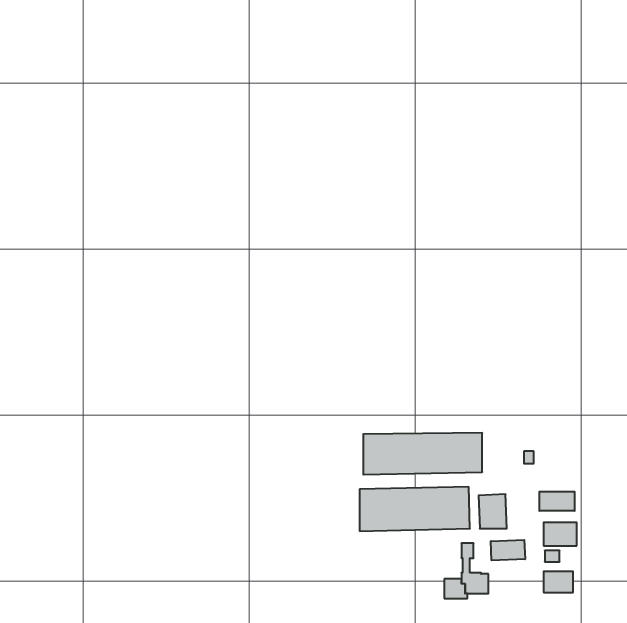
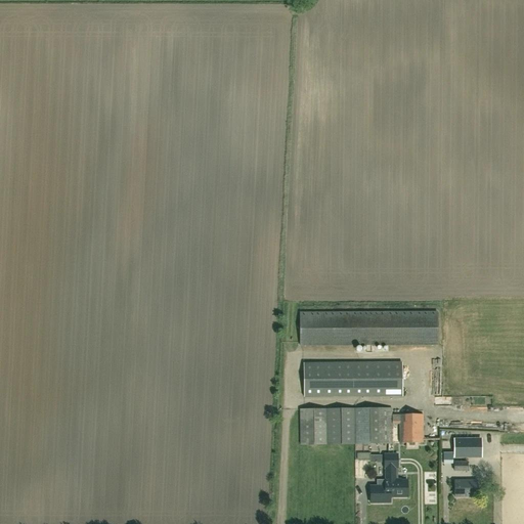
building: none -> [300,310,437,344]
building: [539,492,575,511] -> none
building: [491,540,525,560] -> none

